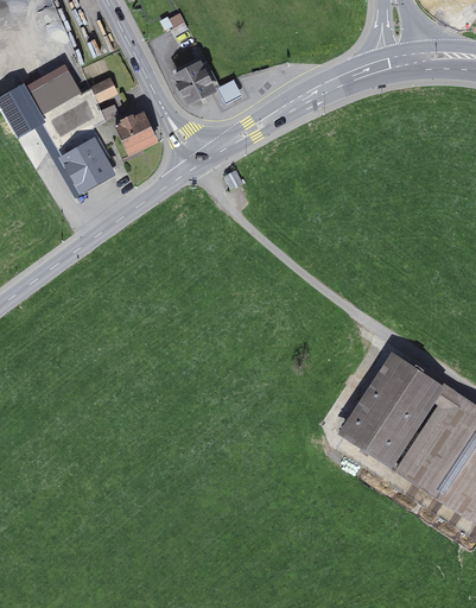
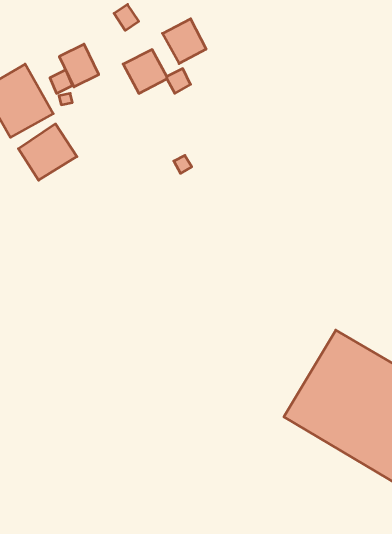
building: none -> [162,19,206,64]
building: [114,108,156,153] -> [59,44,99,87]

